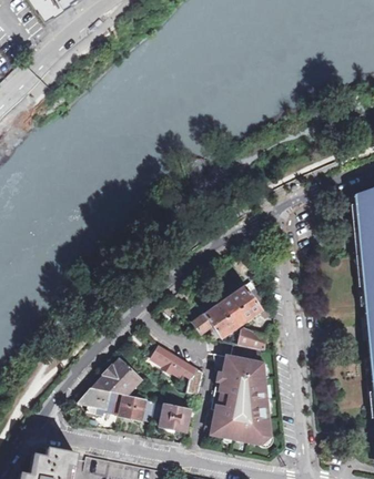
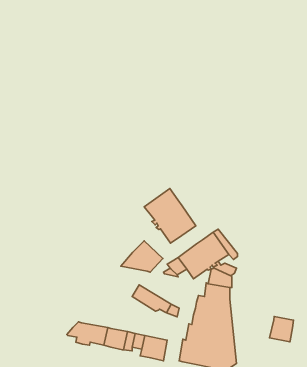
building: none -> [144,188,196,243]
building: [93,359,141,395] -> [121,241,163,272]
building: none -> [270,316,293,342]

